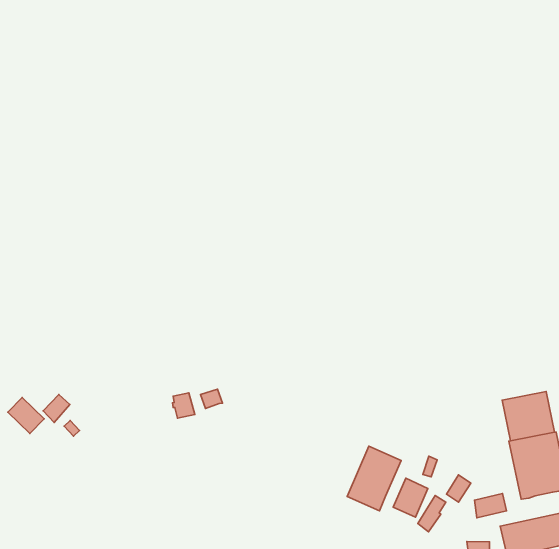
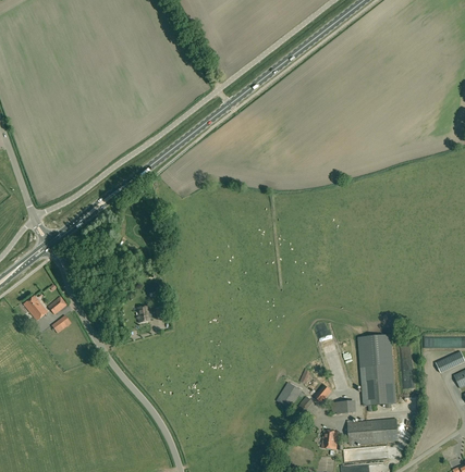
building: [347,446,401,511] -> none

